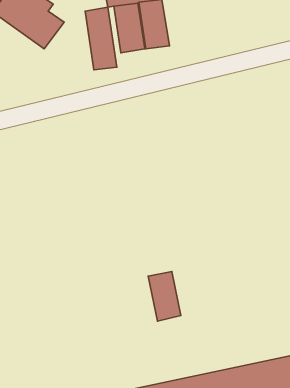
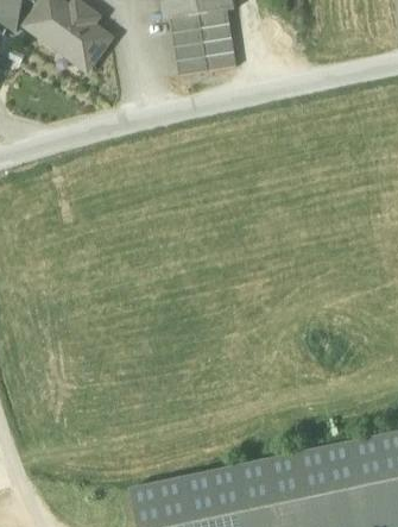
building: [85,7,117,70] -> none
building: [148,272,181,321] -> none

